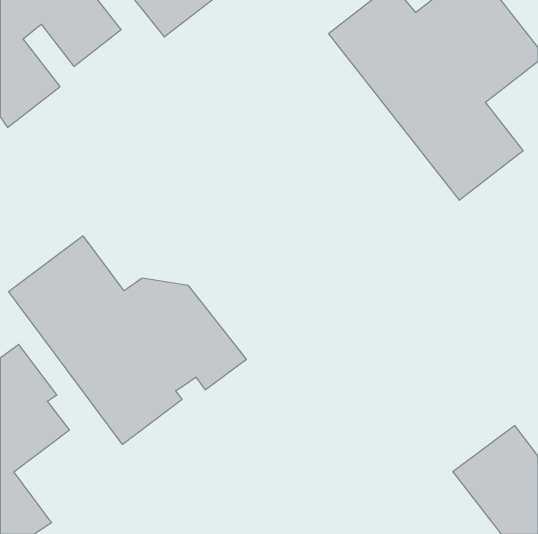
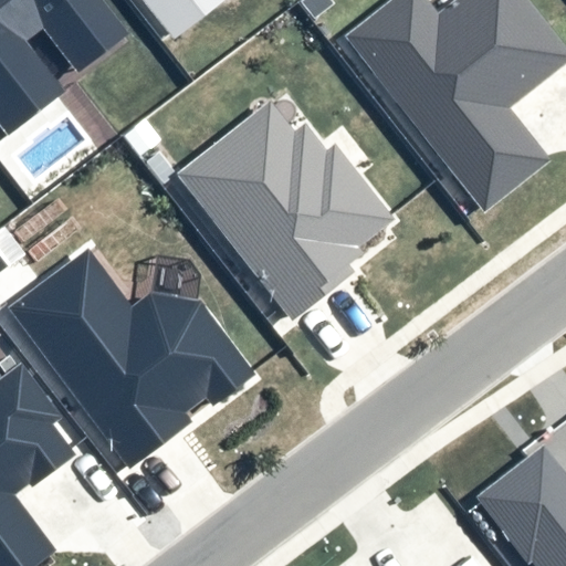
building: none -> [177,102,392,317]

